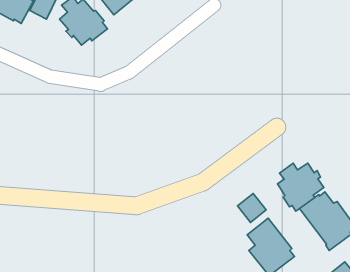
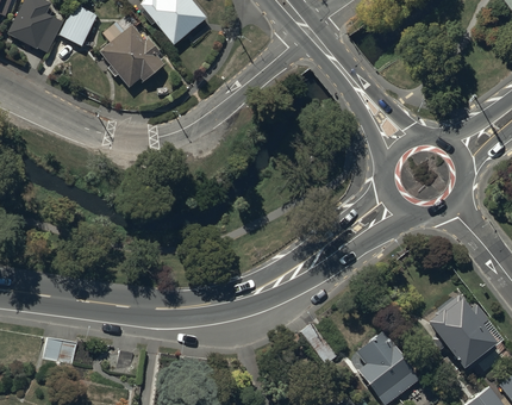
building: [277,163,324,211] -> none
building: [237,194,266,223] -> none

